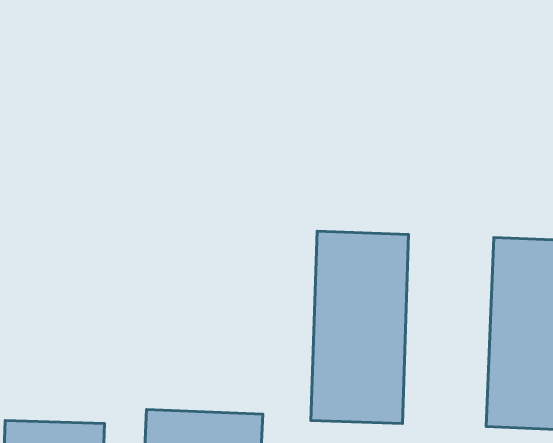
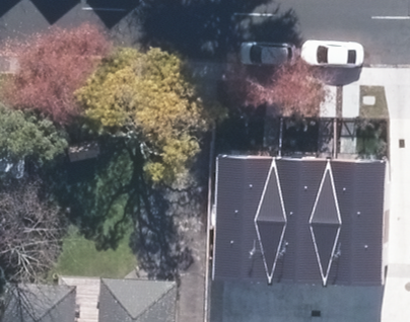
building: none -> [273,160,333,286]

